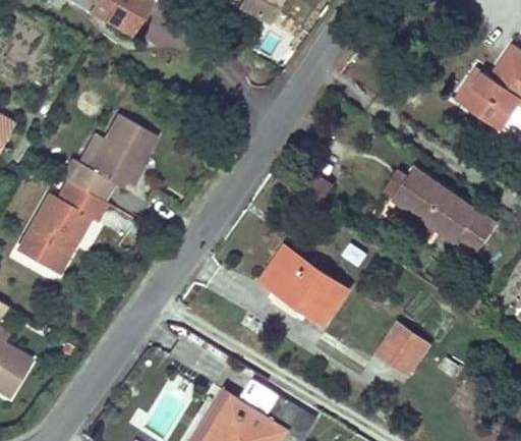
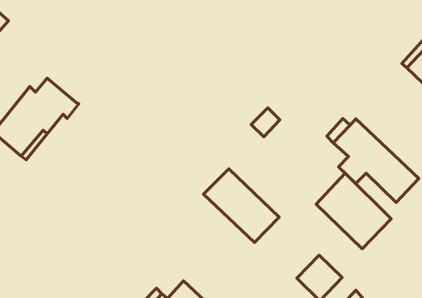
building: [62,115,159,203] -> none
building: none -> [316,173,391,249]

